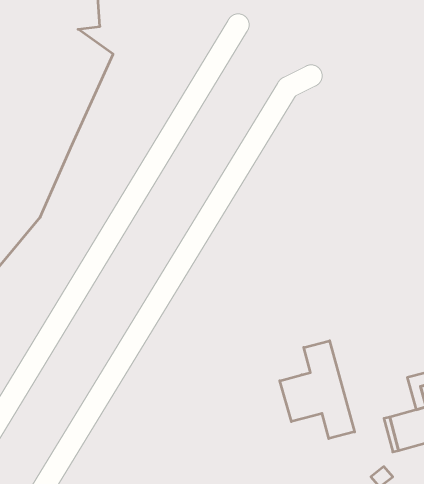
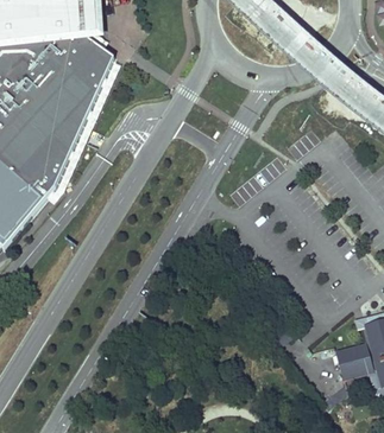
building: [280,341,355,439] -> none

